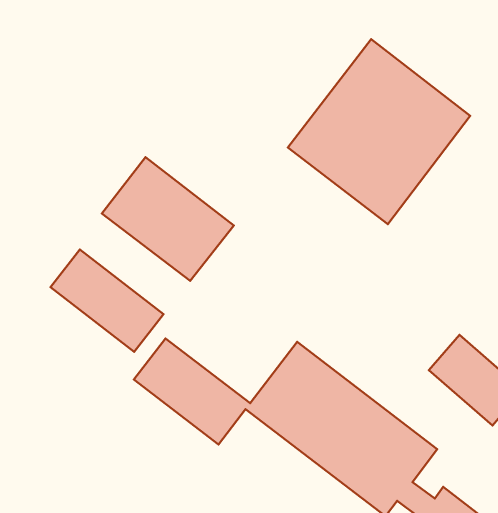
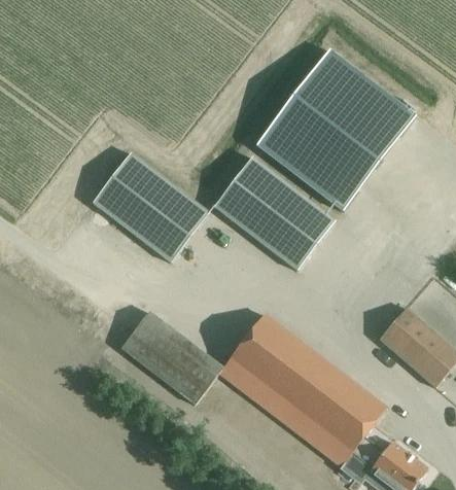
building: none -> [214,156,335,269]
building: [51,250,163,352] -> none

